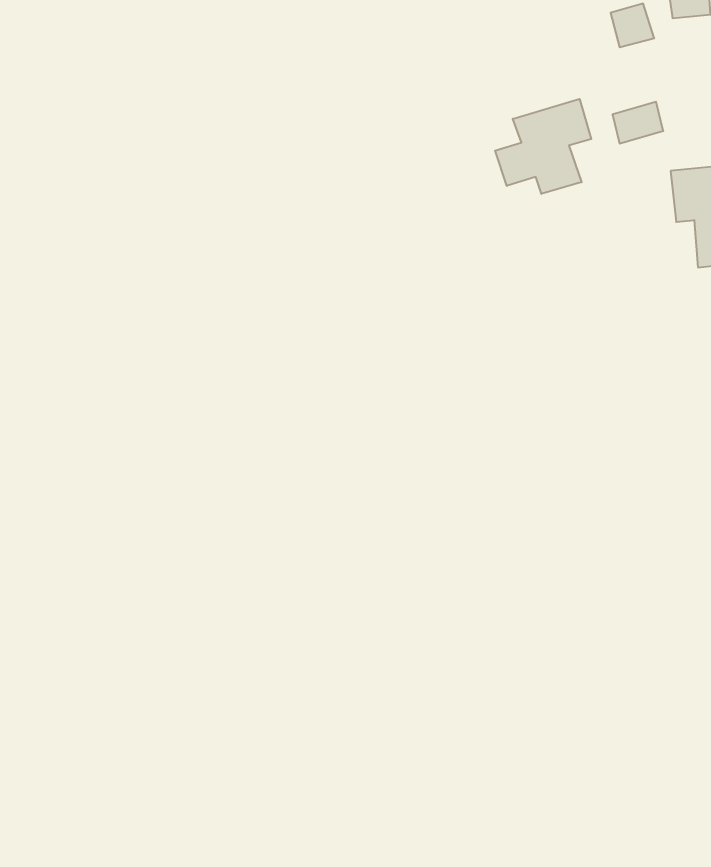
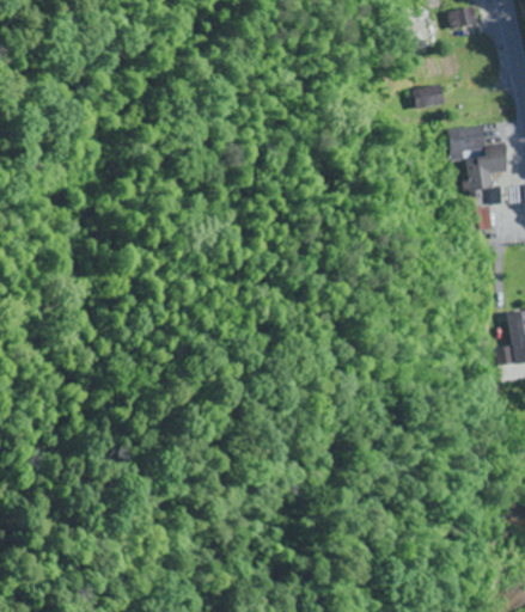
building: [495,99,591,194] -> none

